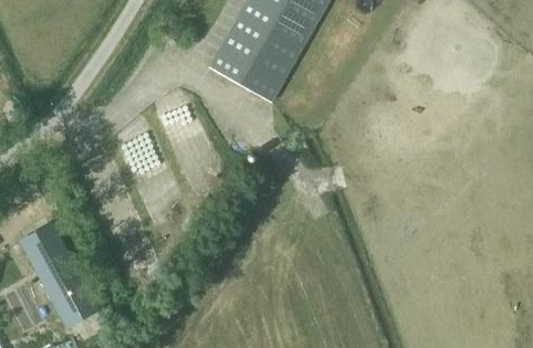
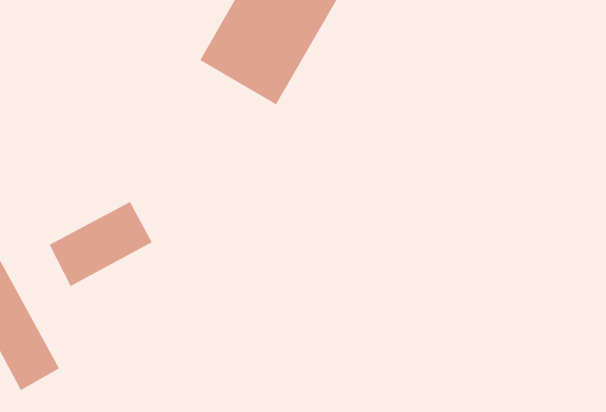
building: none -> [49,201,153,287]

